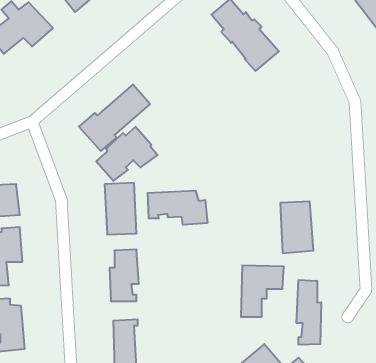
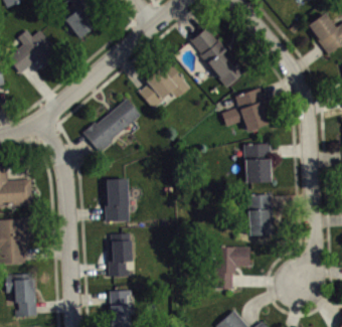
building: none -> [222,88,271,132]
building: [96,127,158,181] -> [140,64,190,109]
building: none -> [244,144,272,183]
building: [148,191,207,225] -> none
building: [297,280,321,345] -> none

